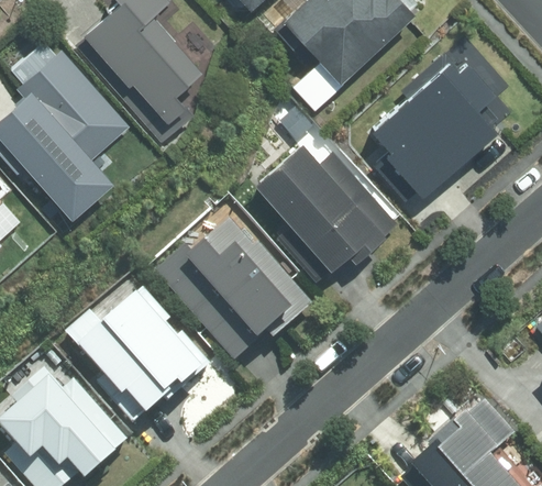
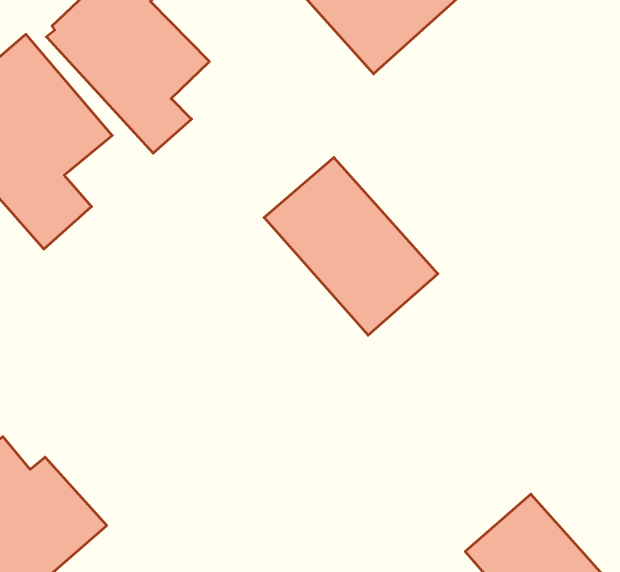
building: [375,59,511,191] -> none
building: [163,216,309,364] -> none
building: [81,292,206,417] -> none

